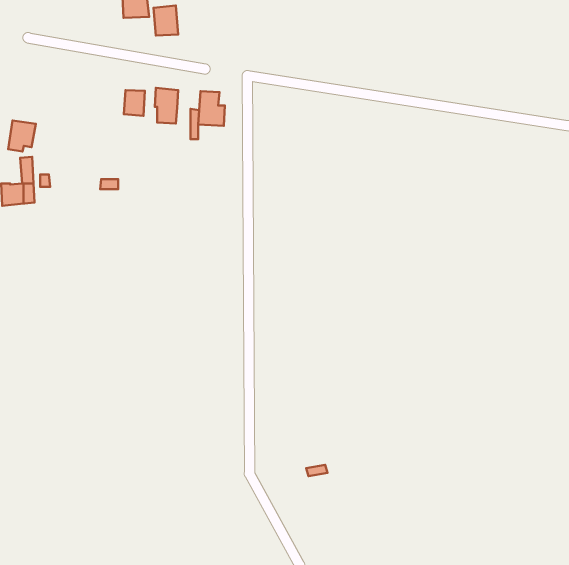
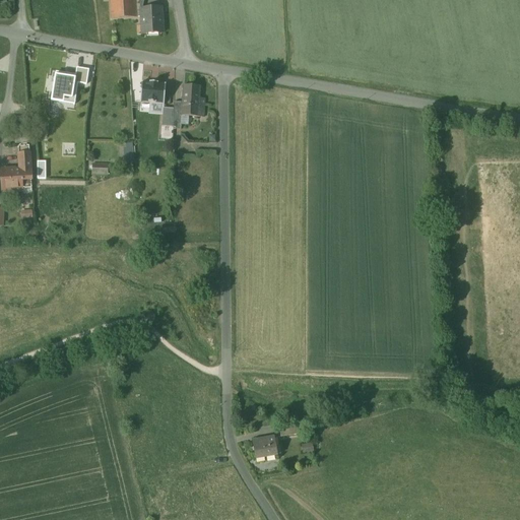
building: [124,90,145,116] -> none
building: [8,120,36,152] -> [50,72,75,101]
building: none -> [252,435,276,456]

